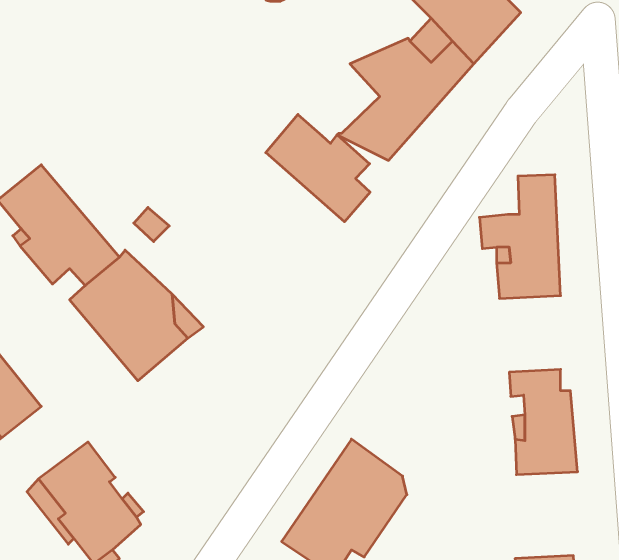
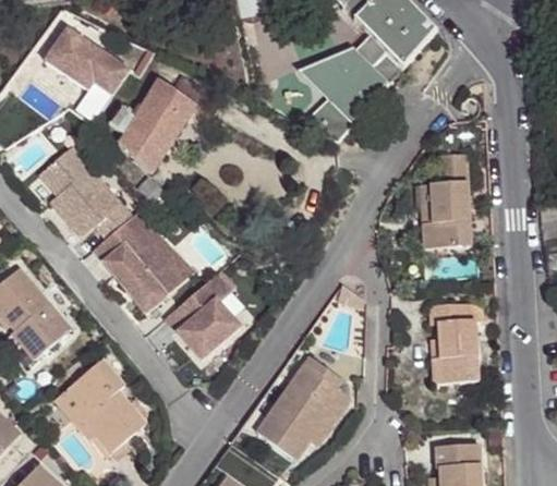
building: none -> [52,32,136,100]
building: none -> [105,81,194,175]
building: [266,114,370,222] -> none
building: none -> [162,272,238,360]

